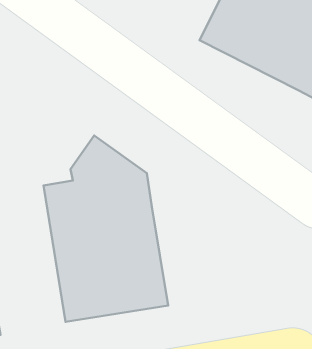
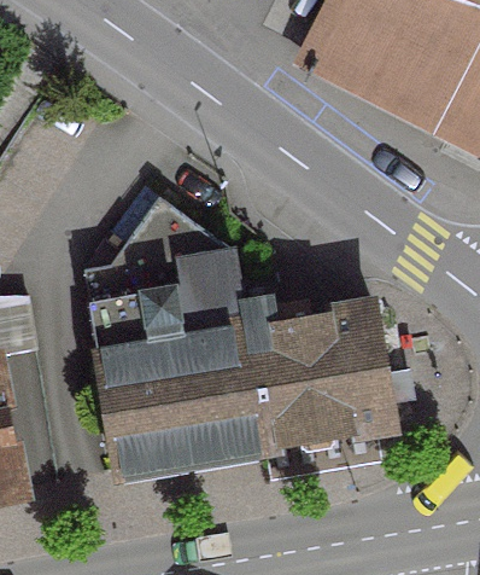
building: none -> [244,302,393,452]

